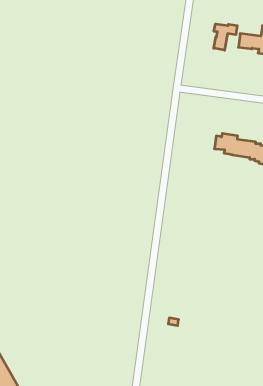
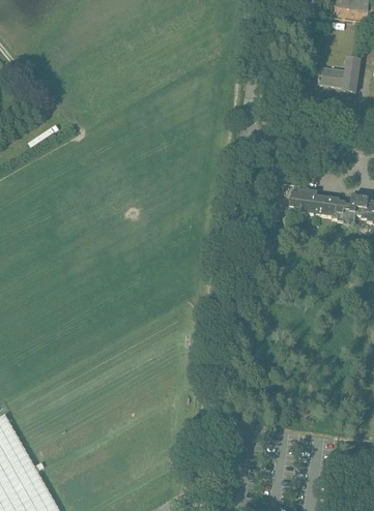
building: [214,24,237,50] -> none

